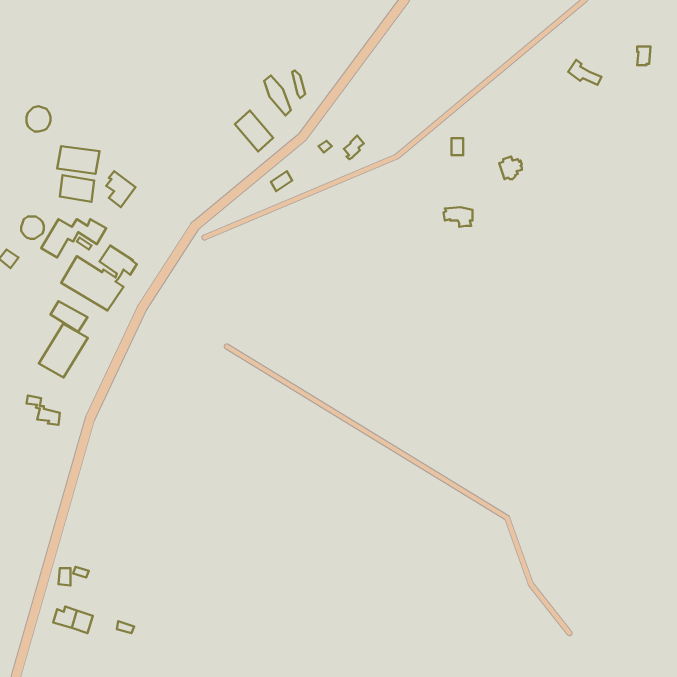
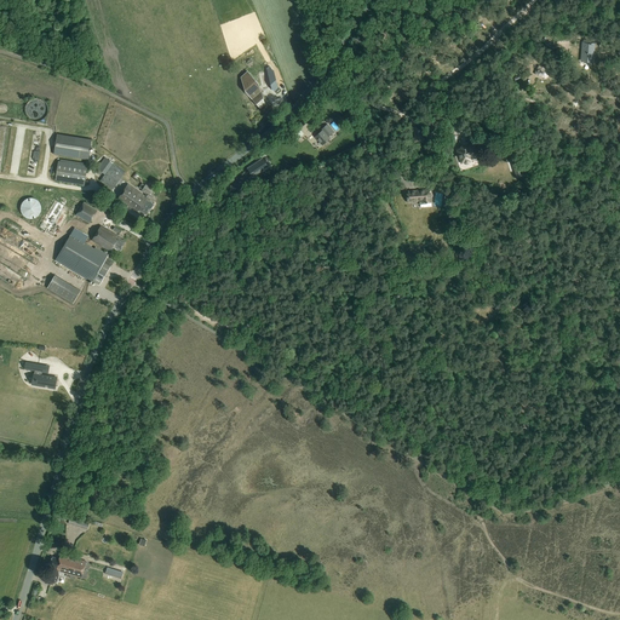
building: [235,111,273,152] -> none
building: none -> [116,183,153,214]
building: [39,324,88,378] -> none

